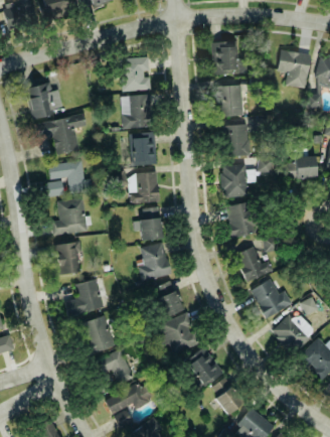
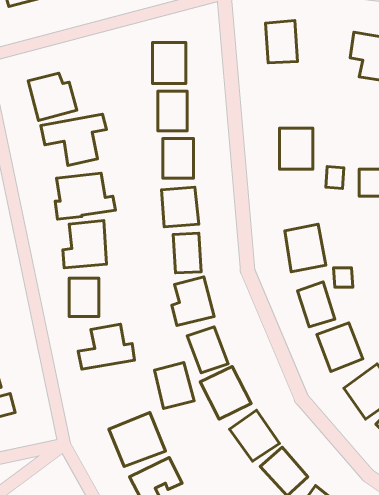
building: [216,86,242,118] -> none
building: [223,165,246,197] -> none
building: [82,316,114,352] -> [154,362,194,408]

